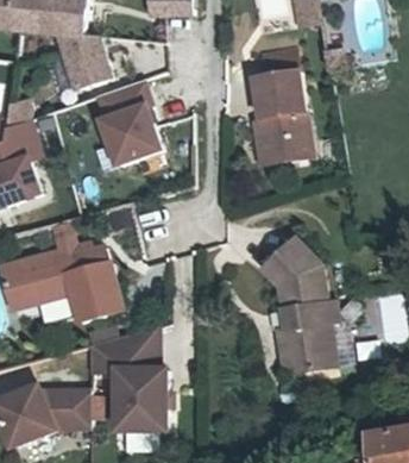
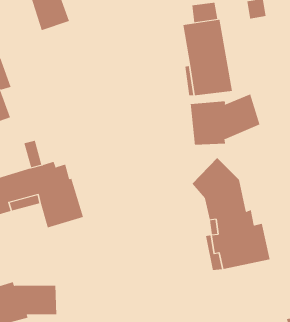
building: [97,77,161,162] -> none
building: none -> [190,93,260,146]
building: [94,327,170,430] -> none

